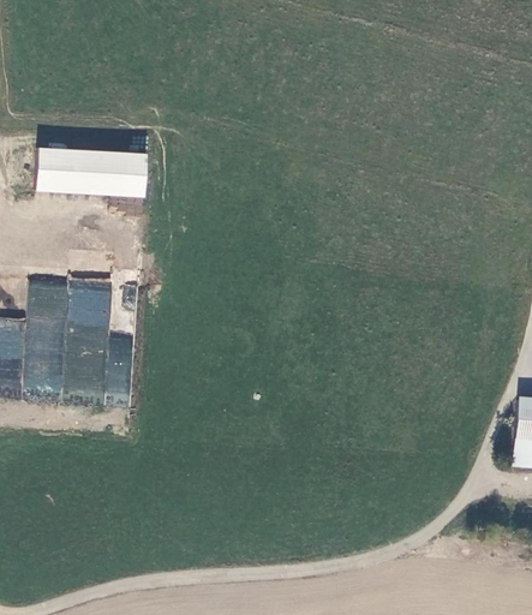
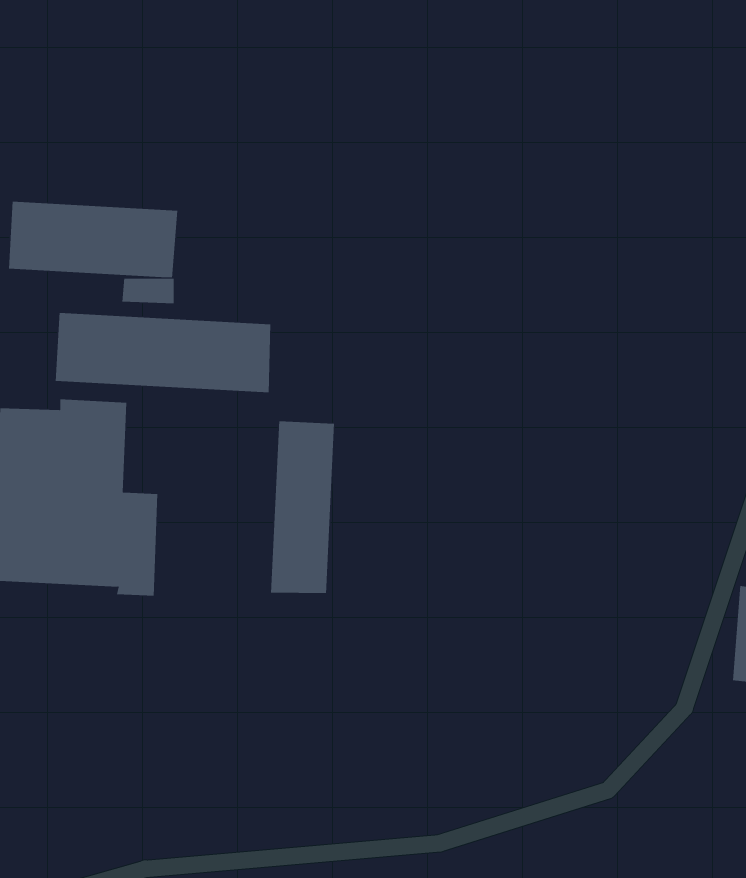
building: none -> [55,312,271,393]
building: none -> [271,420,334,594]

